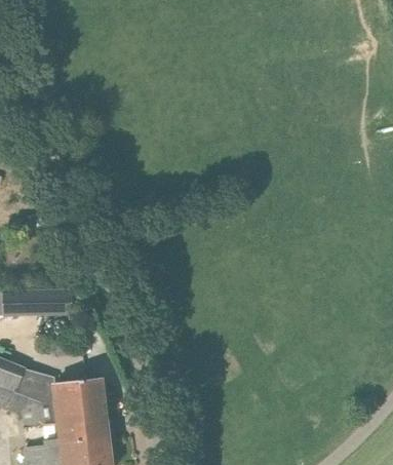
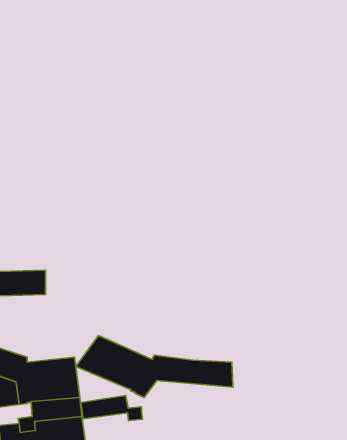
building: none -> [76,336,233,397]
building: none -> [81,396,143,421]

